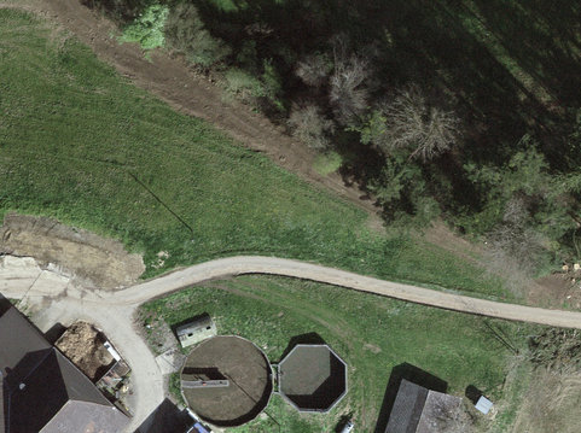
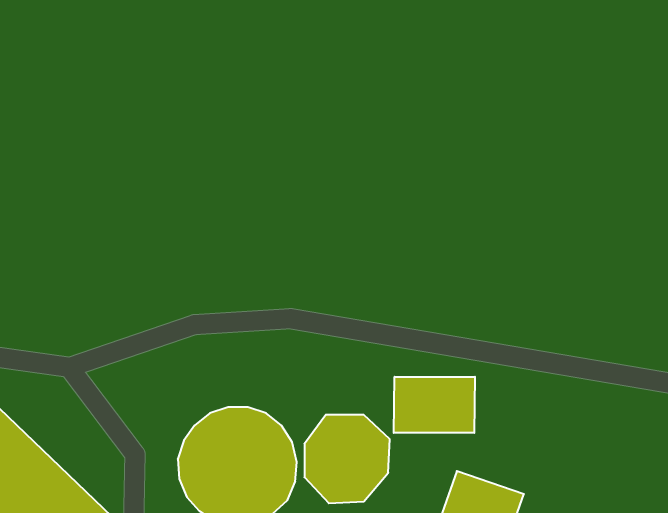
building: none -> [394,377,475,433]

